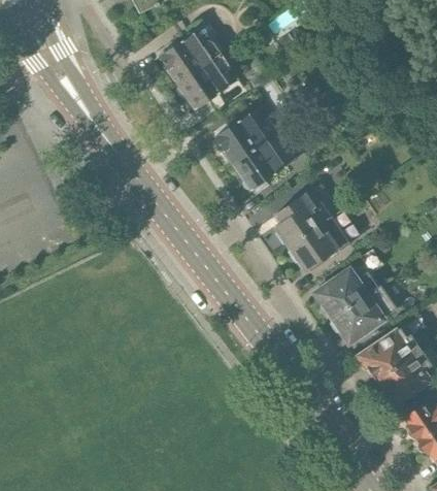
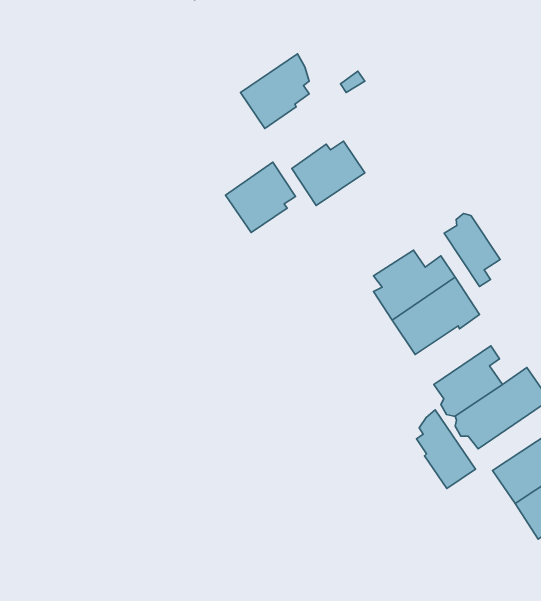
building: [160,34,220,83] -> none
building: [234,140,284,191] -> [225,162,296,232]
building: none -> [444,214,500,287]
building: none -> [416,410,475,489]

